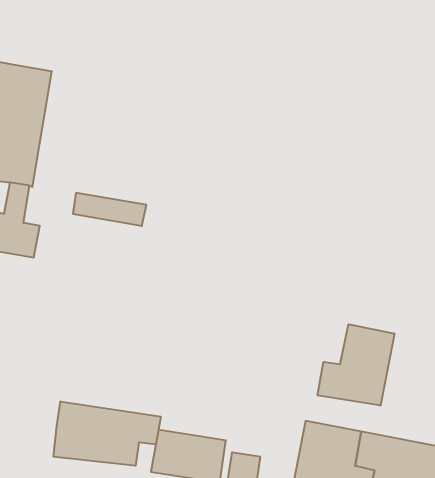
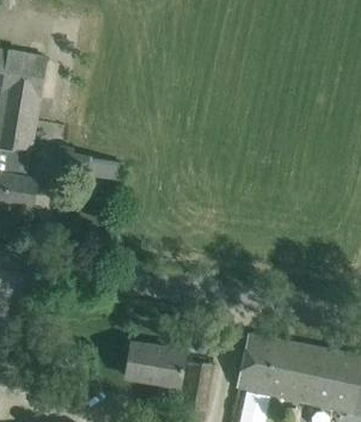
building: [317,324,394,406] -> none
building: [54,401,161,466] -> none

